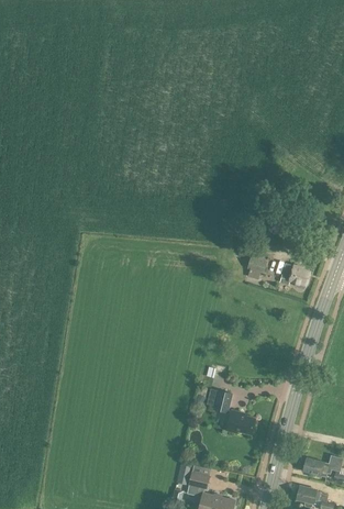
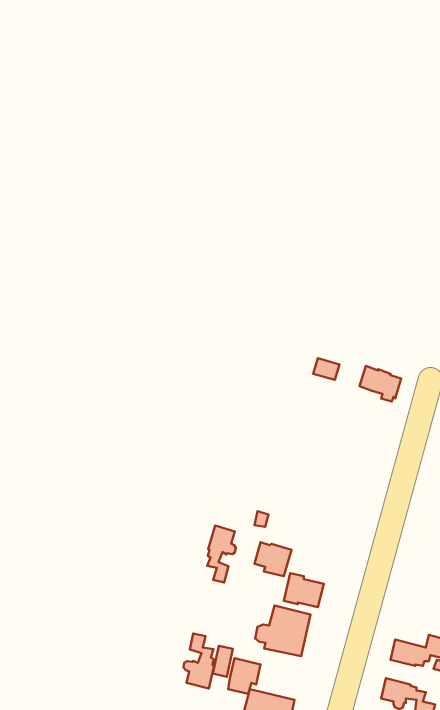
building: none -> [207,525,236,583]
building: none -> [255,605,311,656]
building: none -> [184,634,214,689]

